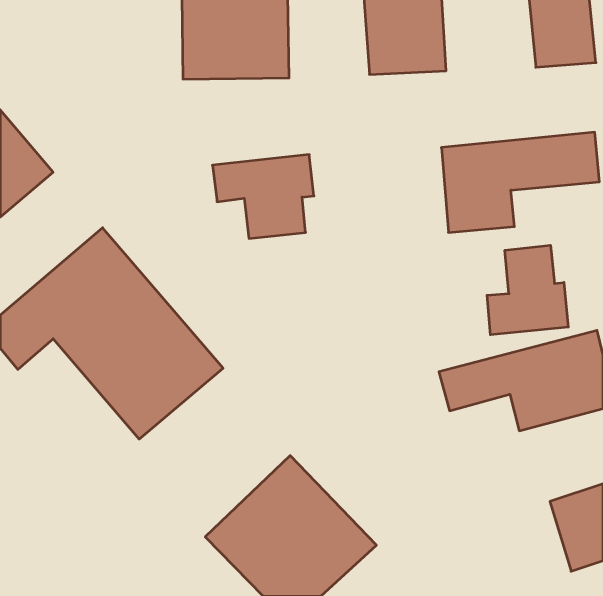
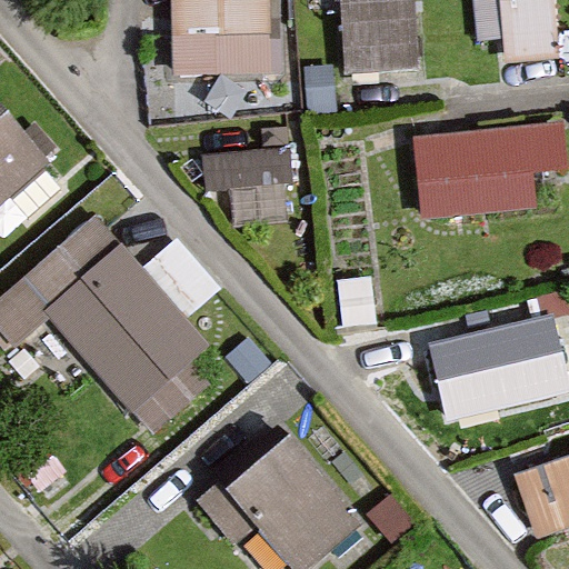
building: [487,245,568,335] -> none

